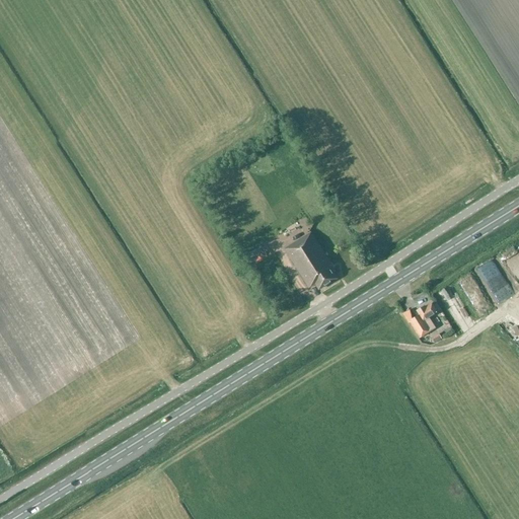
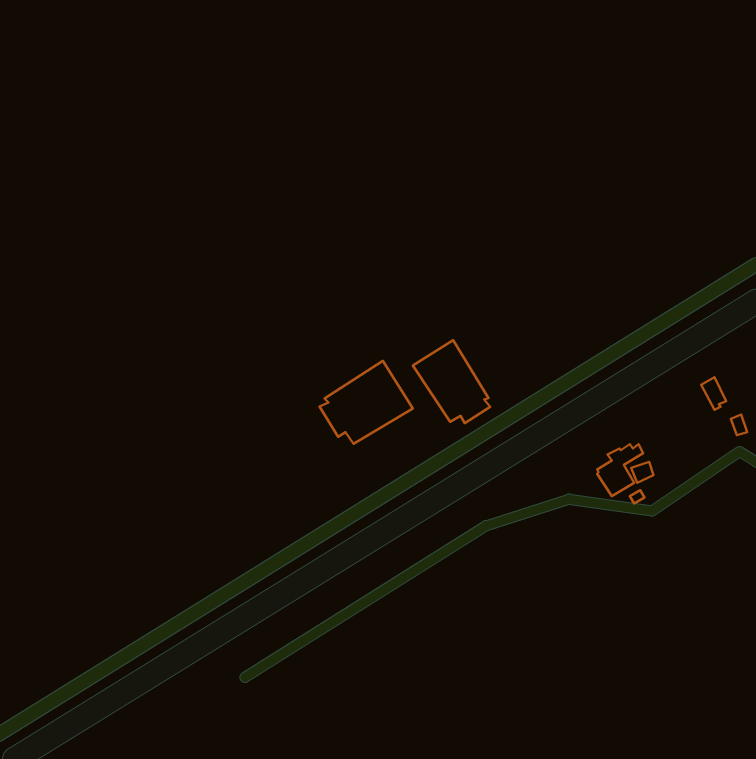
building: none -> [320,361,413,444]

